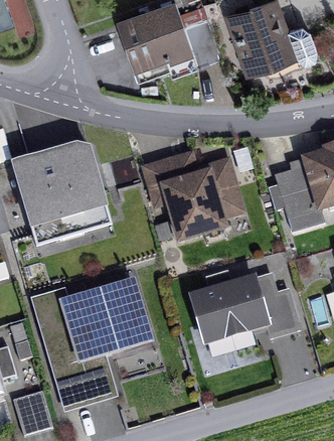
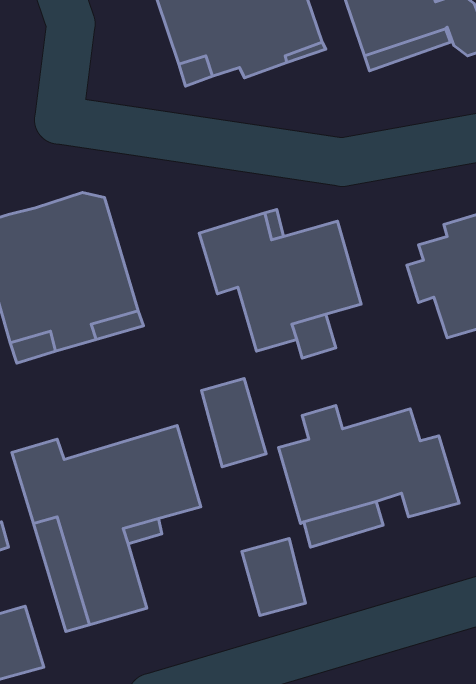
building: none -> [201,379,266,467]
building: none -> [242,538,305,616]

